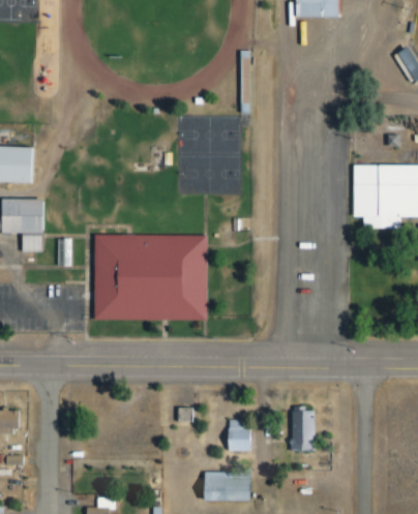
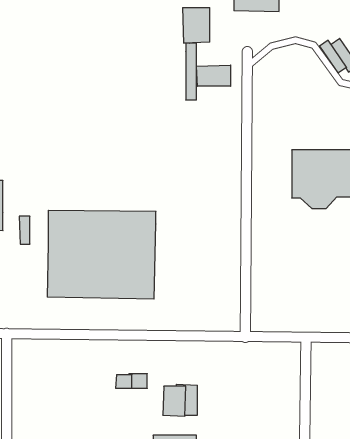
building: none -> [183,8,210,43]
building: none -> [196,65,231,86]
building: [291,413,312,451] -> none

